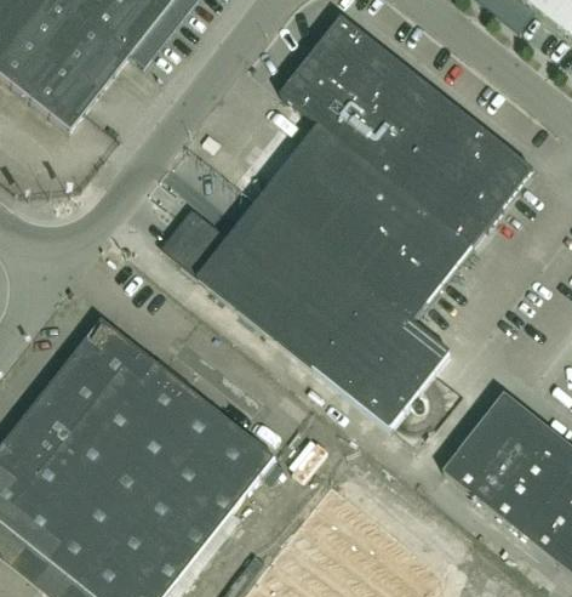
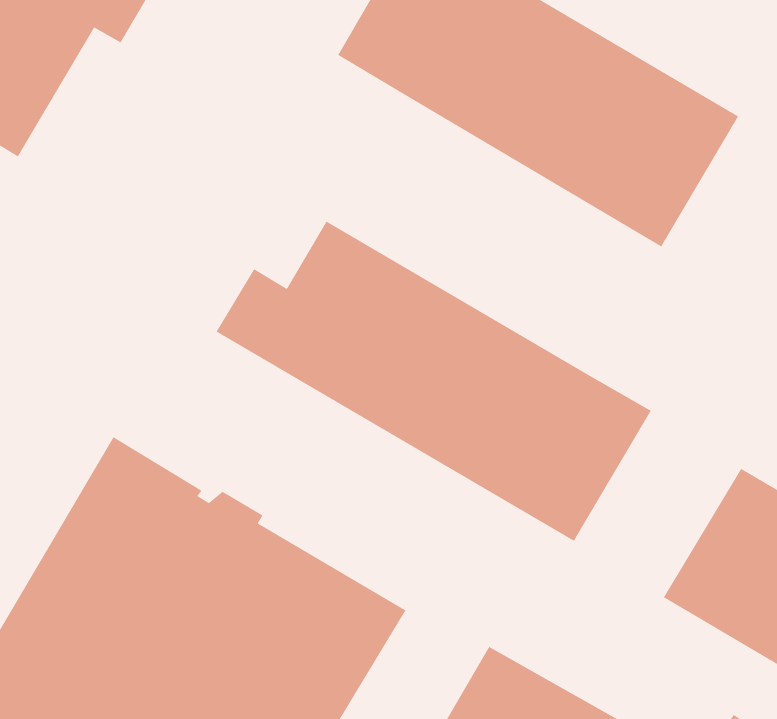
building: [258,123,471,320] -> none

